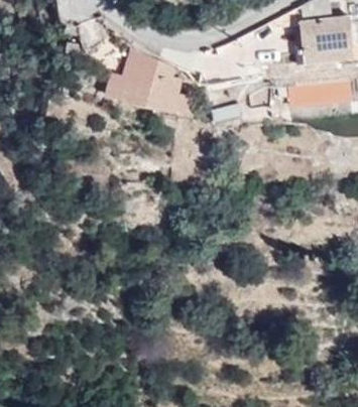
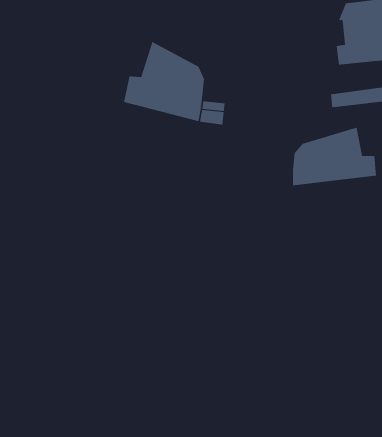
building: none -> [292,127,376,186]

